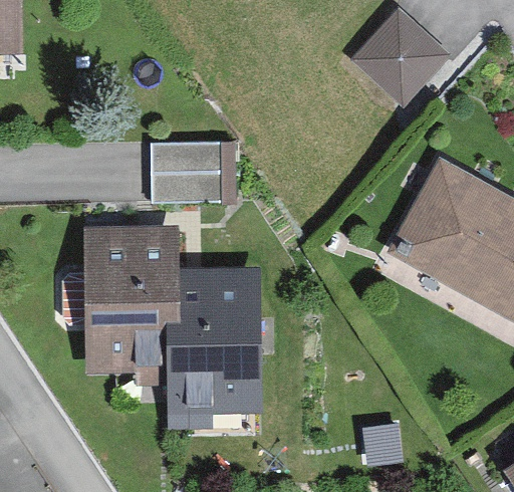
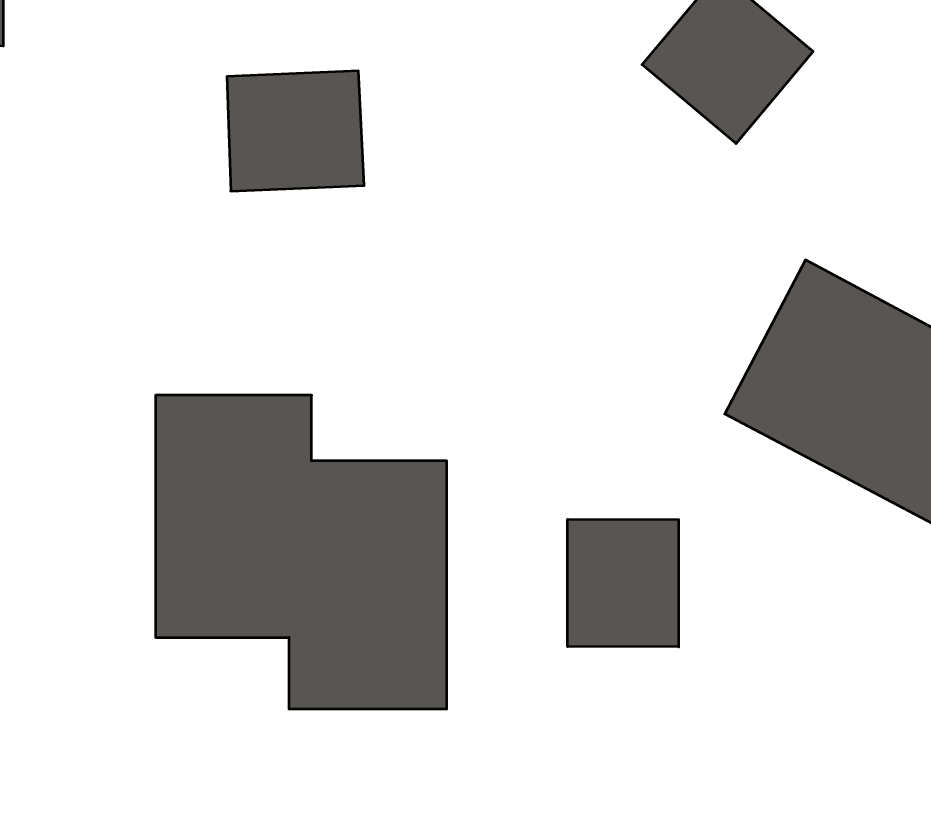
building: [152,146,225,210] -> [227,71,364,191]
building: none -> [568,519,679,647]

